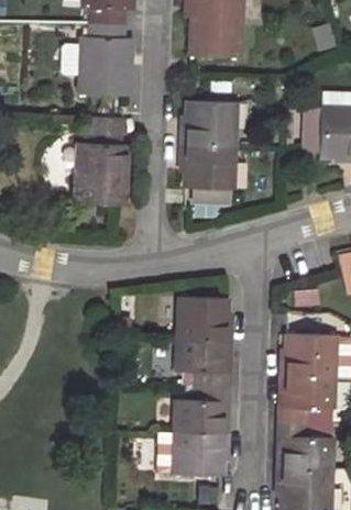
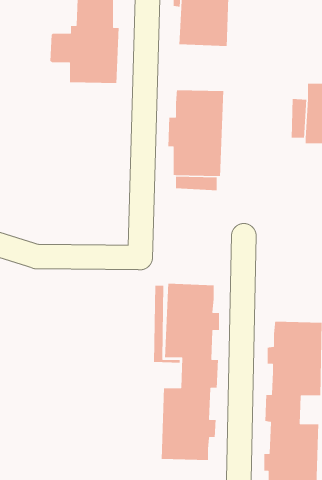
building: [77,117,129,204] -> none

